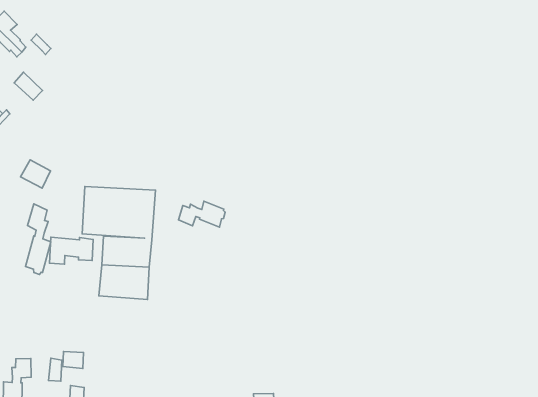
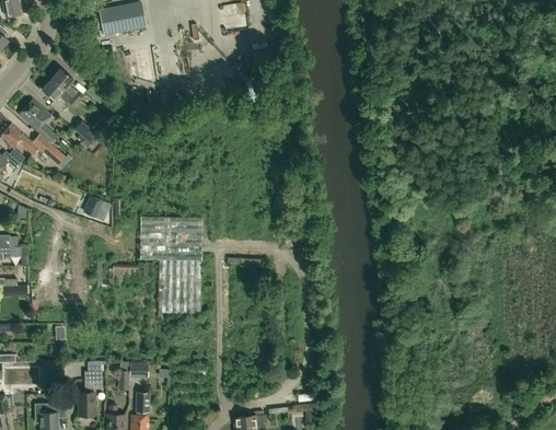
building: [178,201,225,227] -> none
building: [25,204,51,275] -> none

